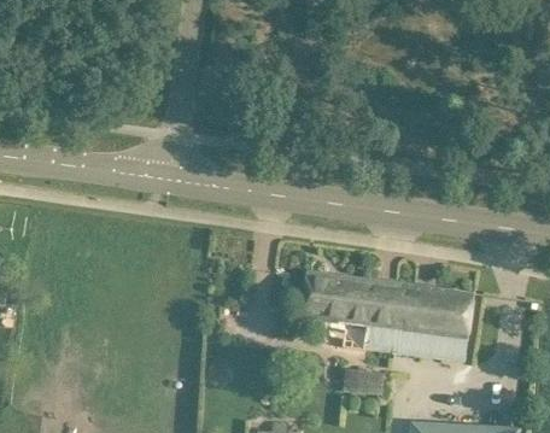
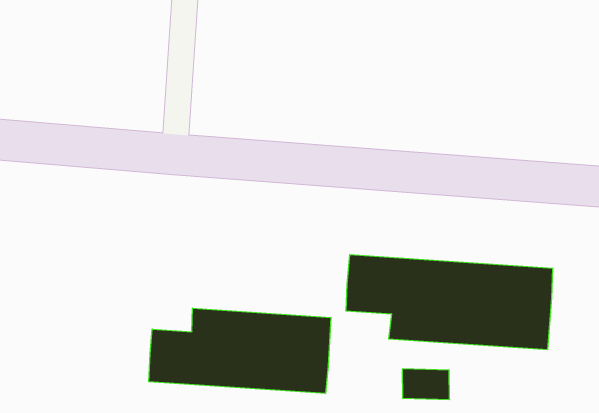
building: none -> [149,308,331,394]

